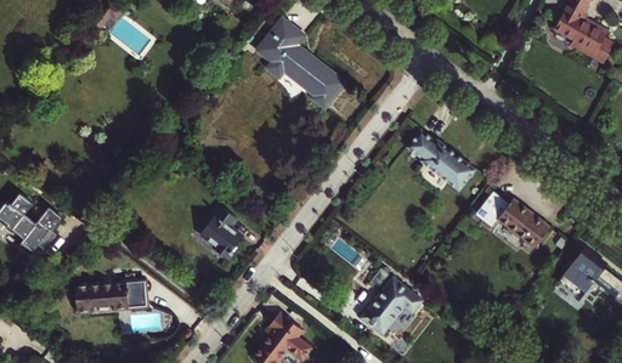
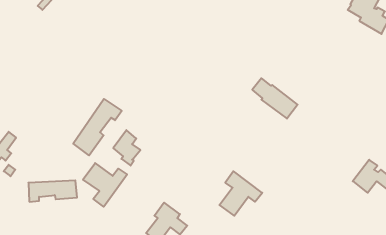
building: [260,19,345,107] -> none
building: none -> [73,99,122,155]
building: [476,185,552,245] -> none
building: none -> [83,163,127,207]

